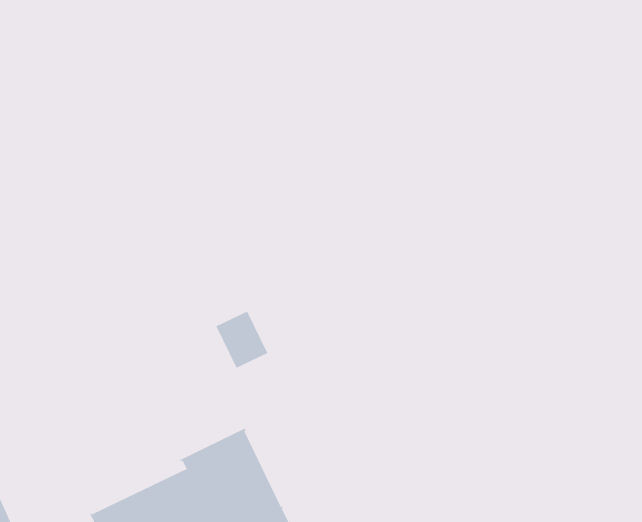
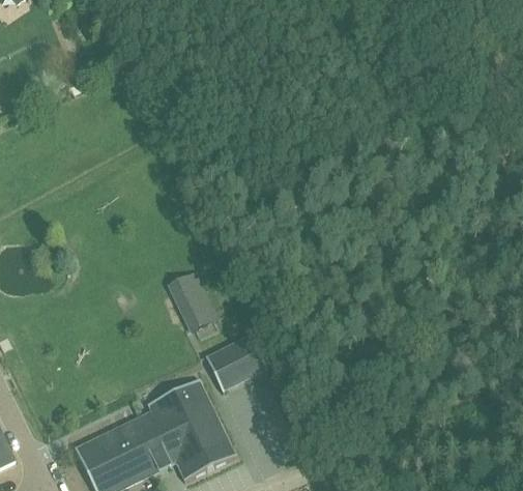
building: none -> [204,335,266,392]

